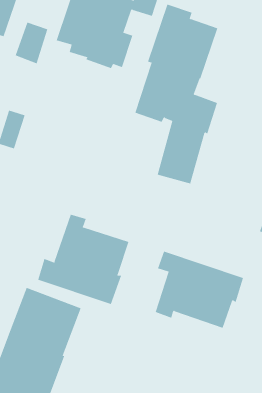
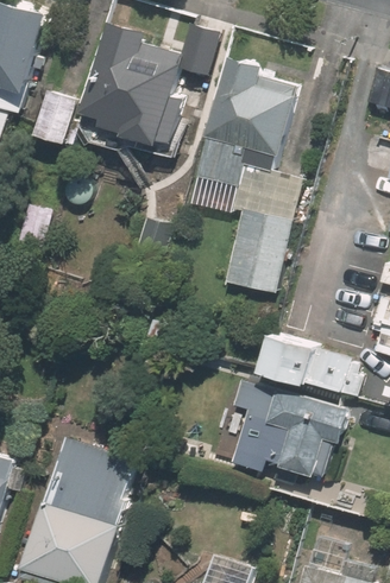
building: [37,214,129,305] -> none
building: none -> [264,332,360,397]

